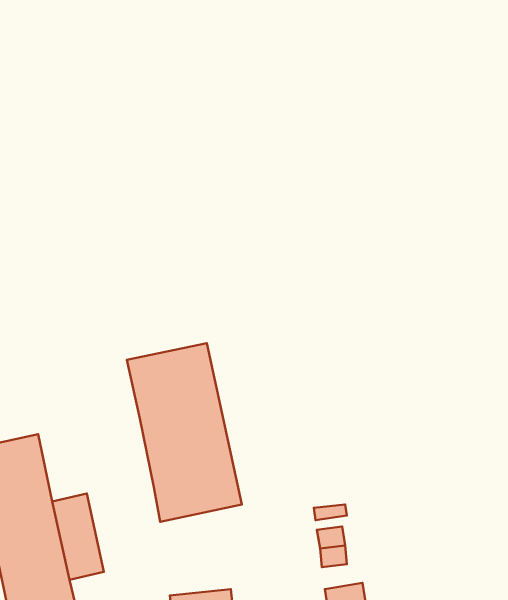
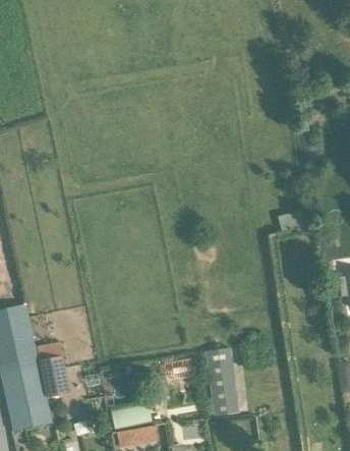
building: [127,343,242,522] -> none

